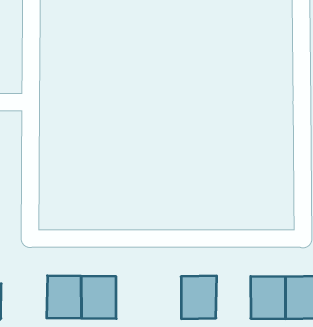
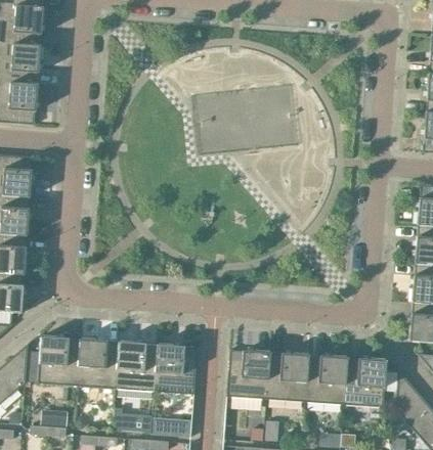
building: none -> [39,336,82,386]
building: none -> [267,352,309,402]
building: none -> [156,345,199,395]

